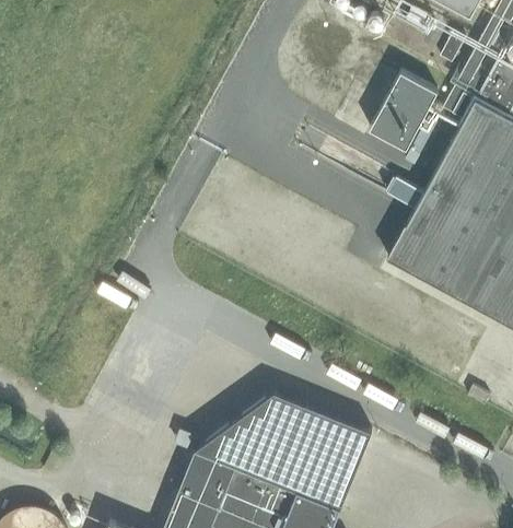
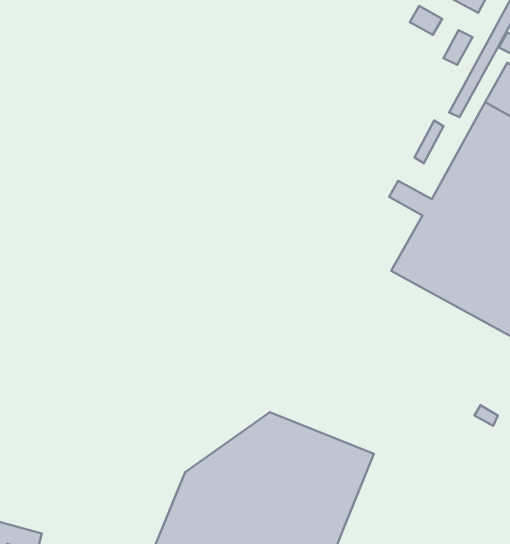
building: [369,75,438,152] -> none

